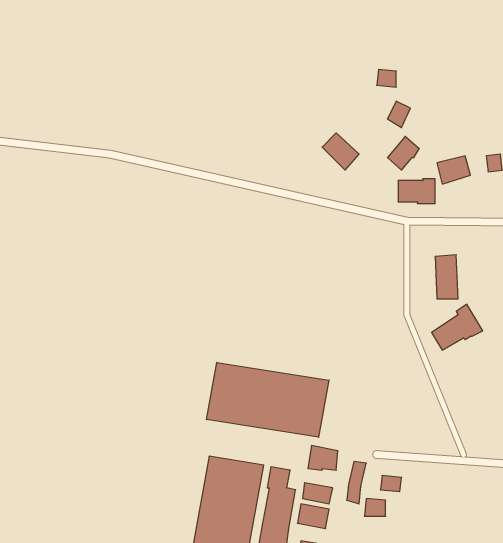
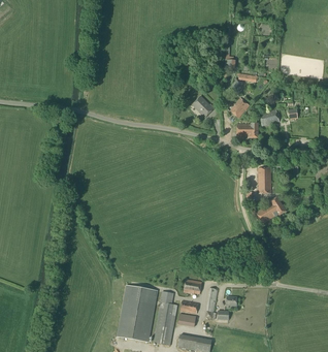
building: [207,362,329,437] -> none

